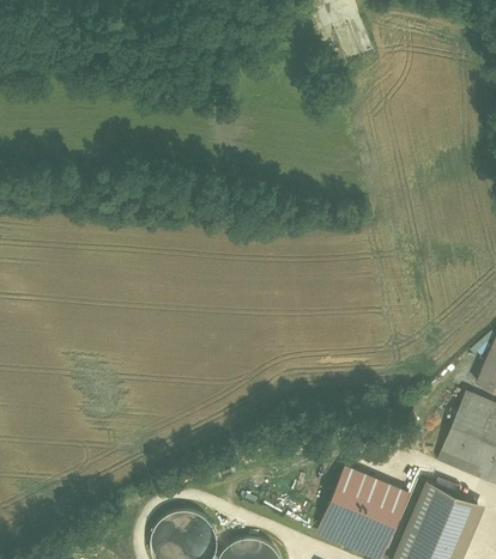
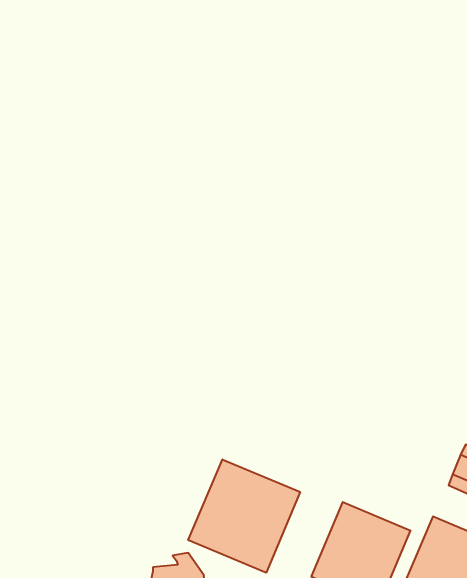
building: none -> [188,459,300,573]

